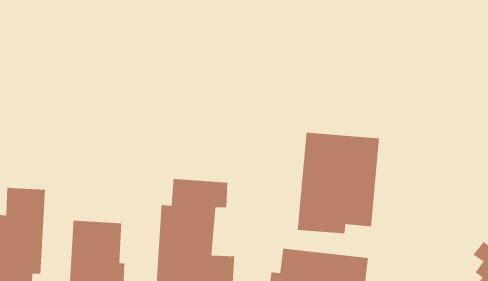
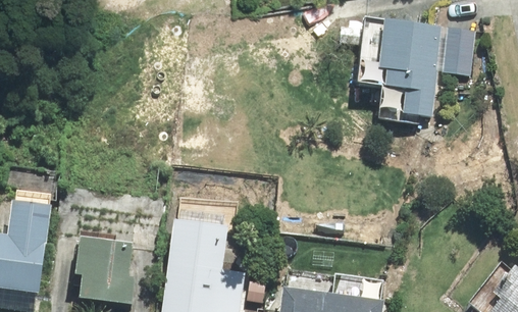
building: none -> [357,22,479,127]
building: [297,132,380,234] -> none

